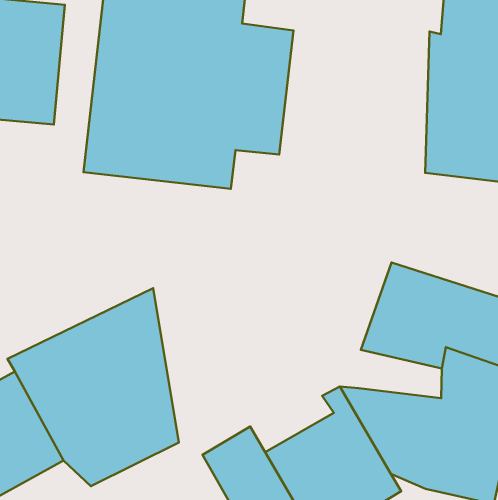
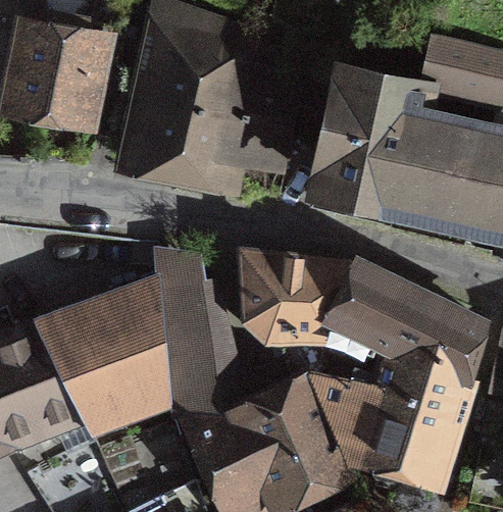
building: none -> [312,63,413,229]
building: none -> [247,261,362,379]
building: none -> [163,271,224,406]

